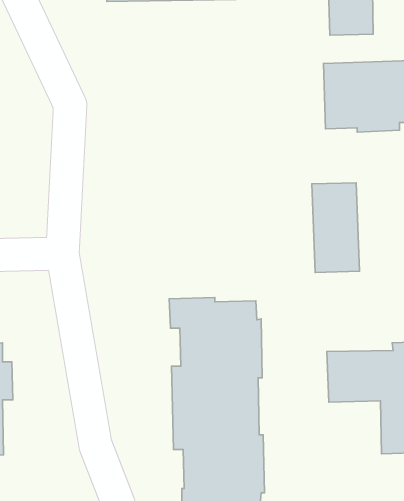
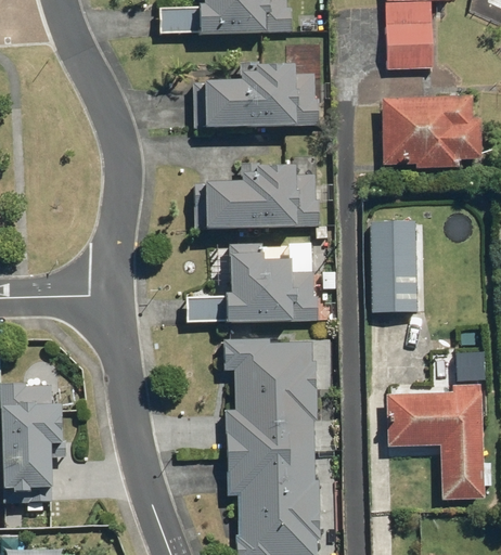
building: none -> [193,61,320,128]
building: none -> [194,162,321,229]
building: none -> [185,242,320,322]

